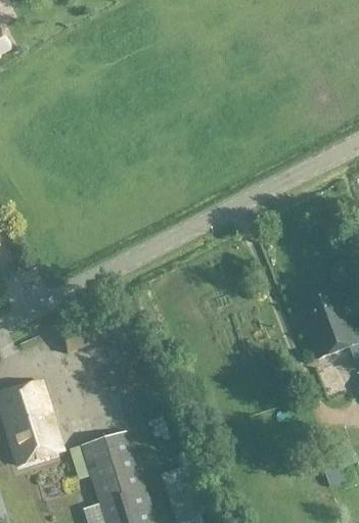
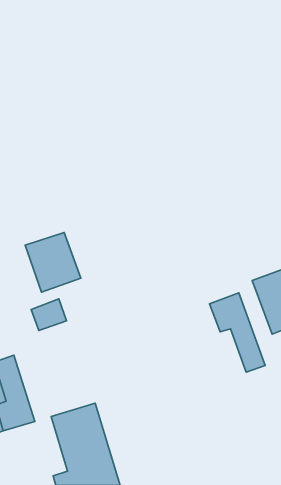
building: none -> [25,232,81,292]
building: none -> [210,293,265,372]

